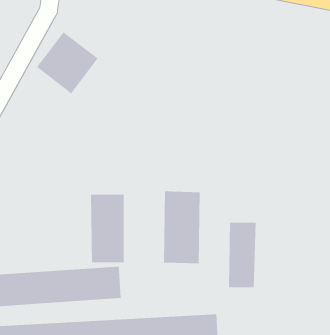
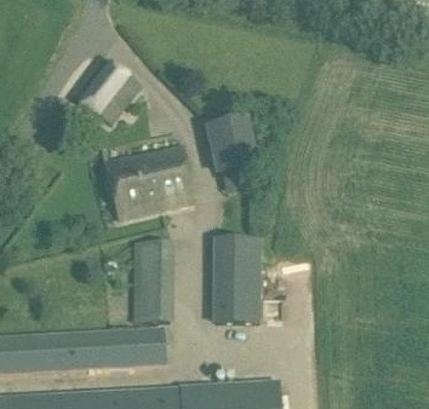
building: none -> [205,117,258,175]
building: none -> [102,145,194,219]
building: [229,222,256,288] -> none

